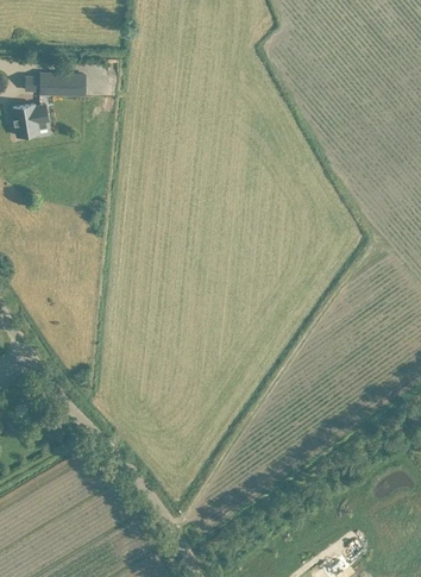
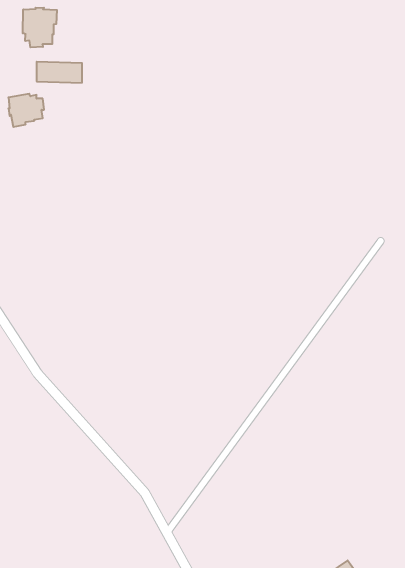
building: none -> [23,8,57,47]

